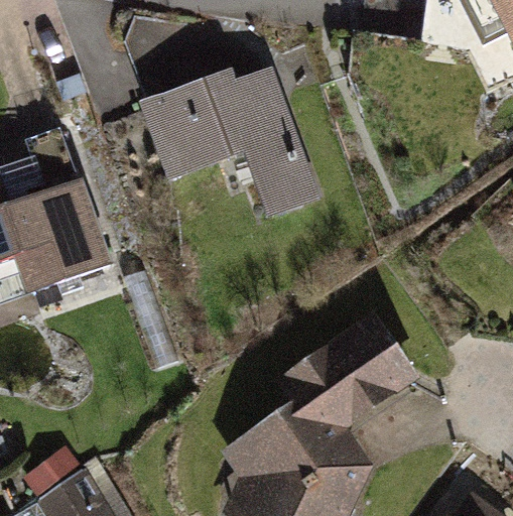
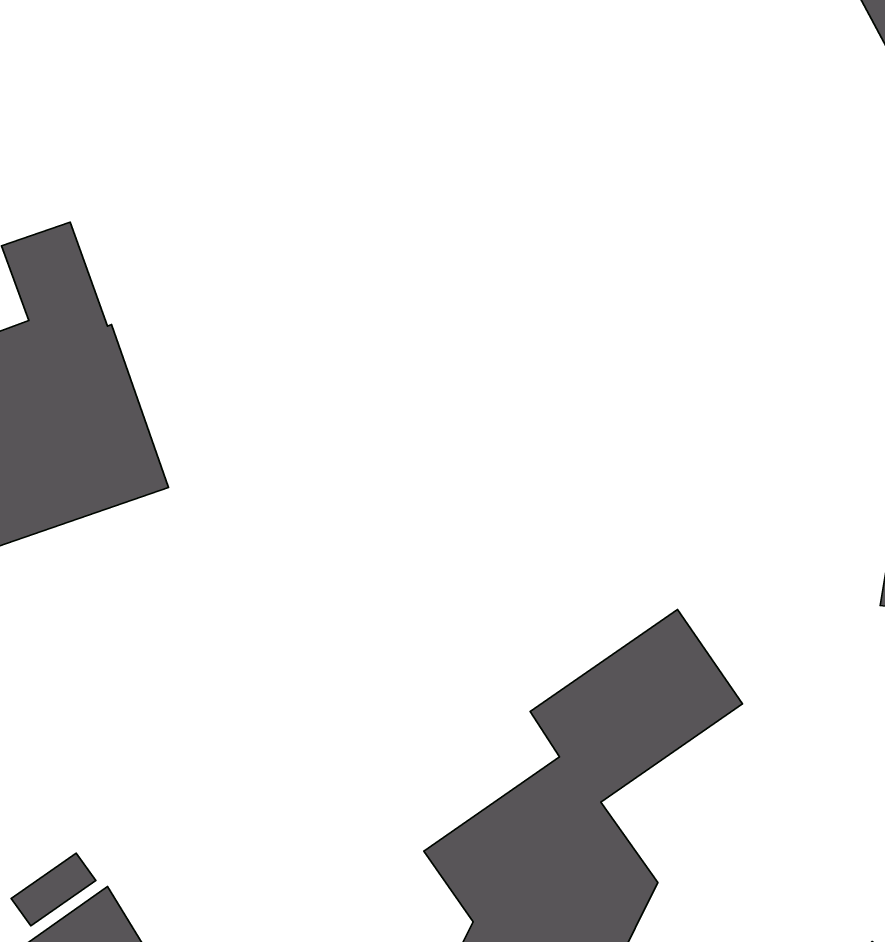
building: [148,72,314,213] -> none

